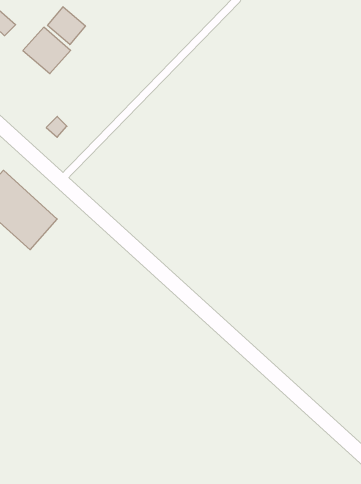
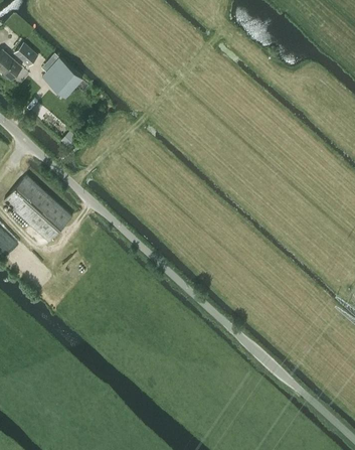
building: [48,7,85,45] -> none

